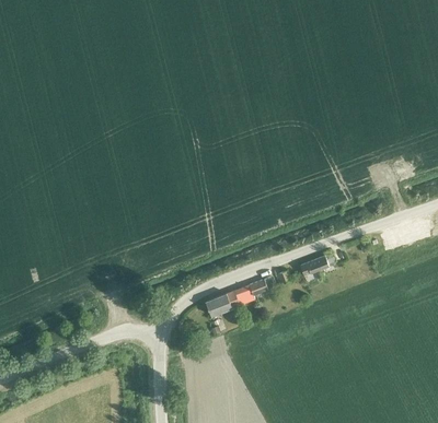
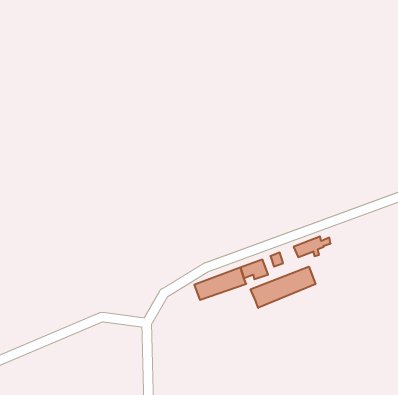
building: none -> [251,267,315,308]

